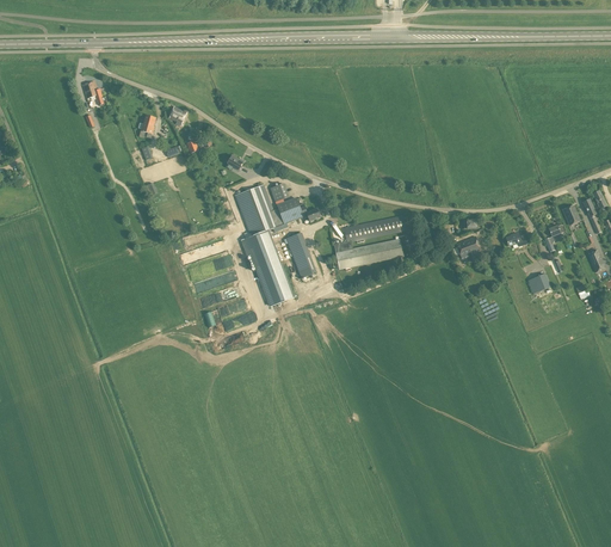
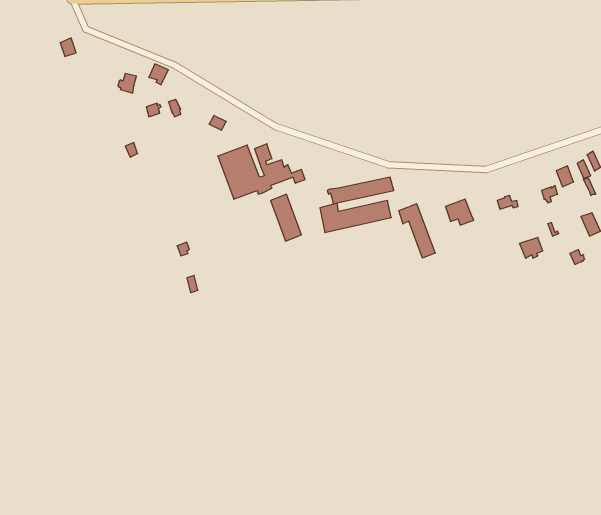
building: [240,229,294,306] -> none
building: none -> [399,204,435,258]

